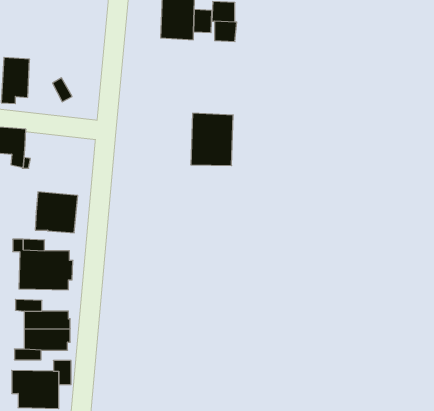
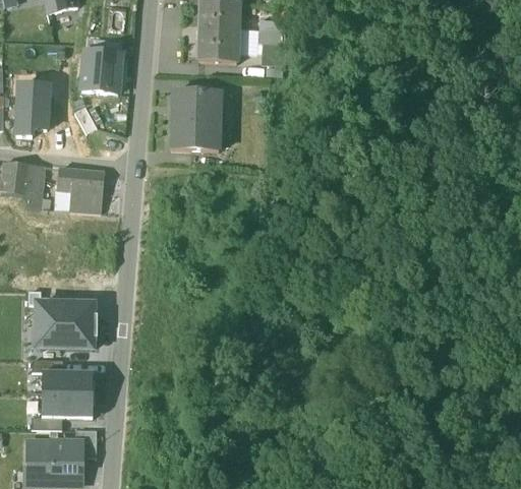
building: none -> [81,50,120,94]
building: [191,113,233,166] -> [171,89,220,149]
building: [35,192,78,233] -> [56,167,105,213]

